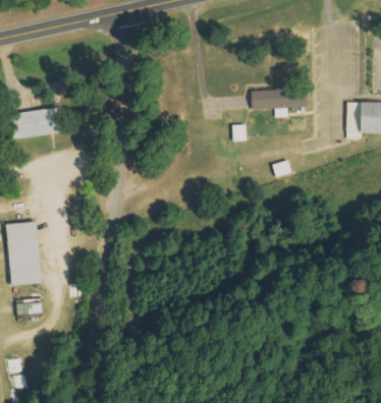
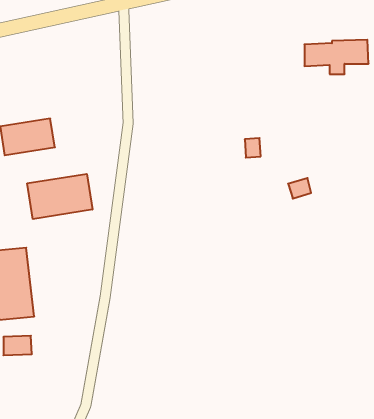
building: [251,87,308,117] -> [304,40,369,74]
building: none -> [27,174,92,219]

